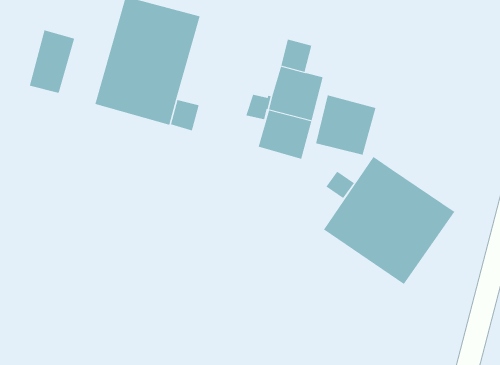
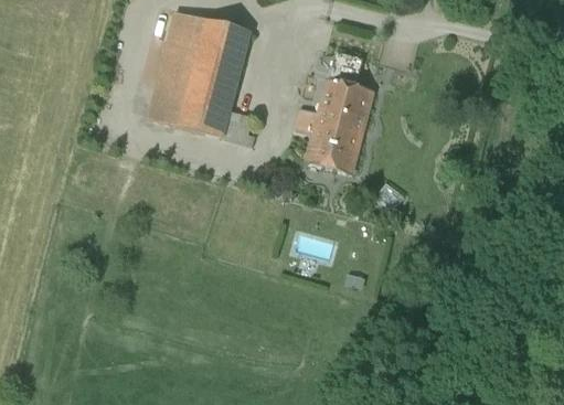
building: [29,30,75,94] -> none
building: [315,95,376,156] -> none
building: [323,156,455,285] -> none

